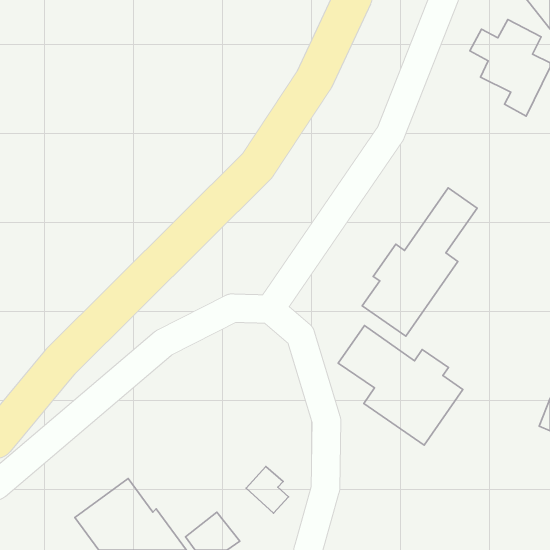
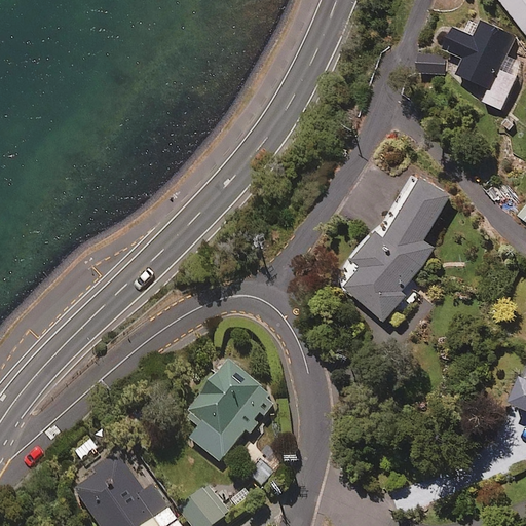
building: [338,326,463,445] -> none
building: none -> [182,361,273,461]

